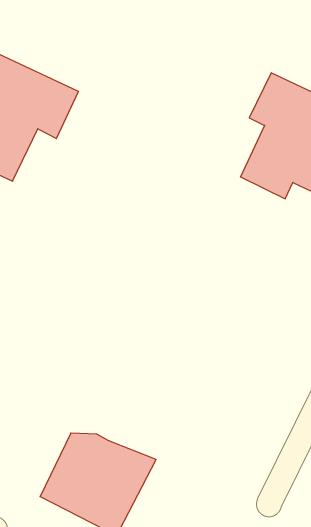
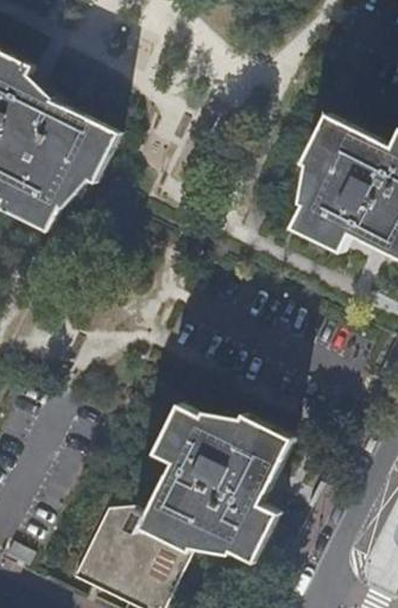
building: none -> [149,404,292,560]

